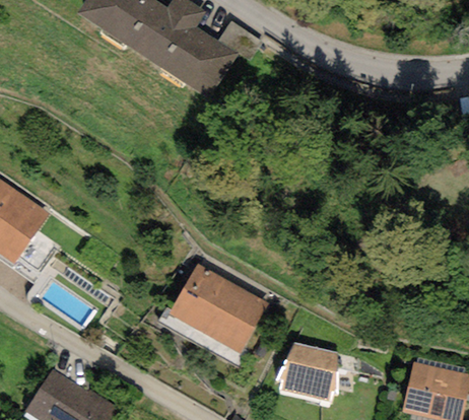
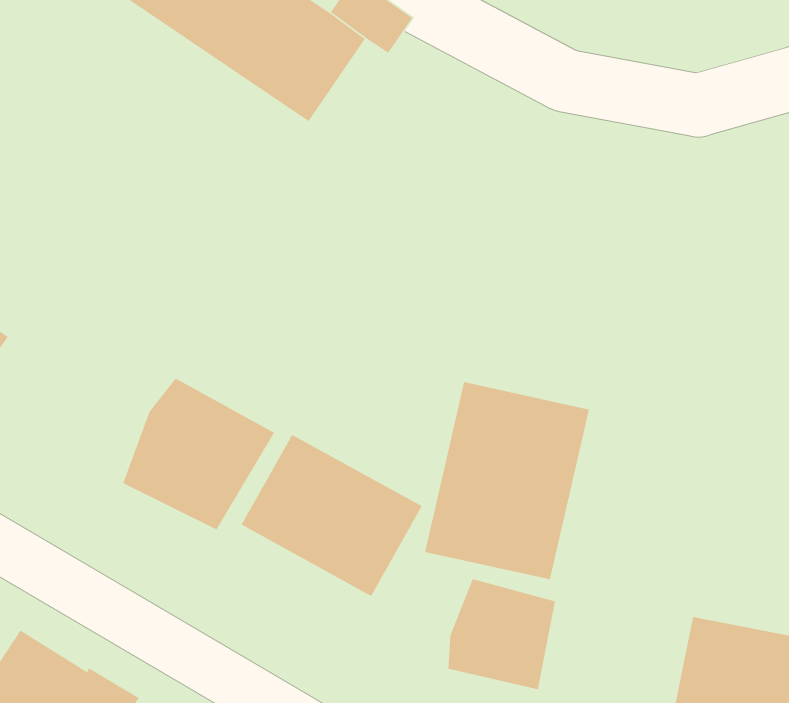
building: none -> [122,378,275,530]
building: none -> [424,381,590,580]

